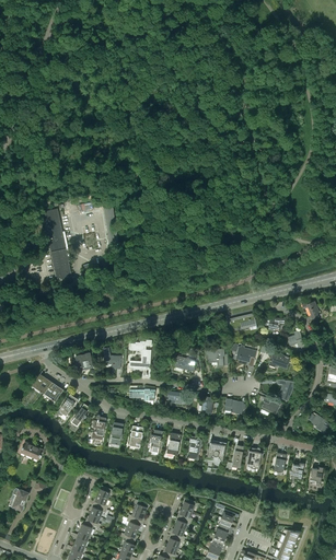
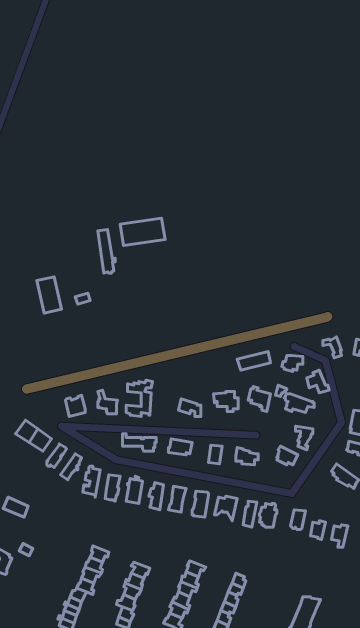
building: none -> [120,218,165,246]
building: [40,208,65,250] -> none

